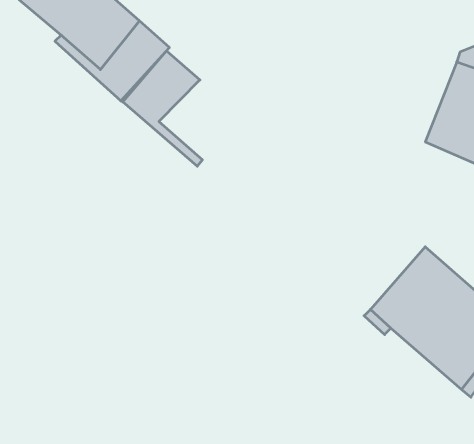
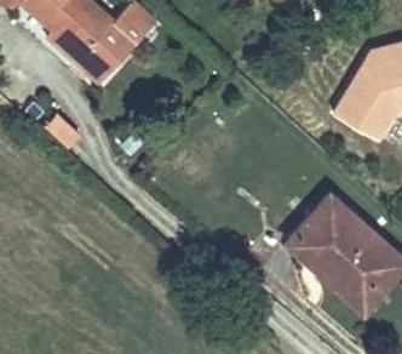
building: [123,51,202,166] -> none

